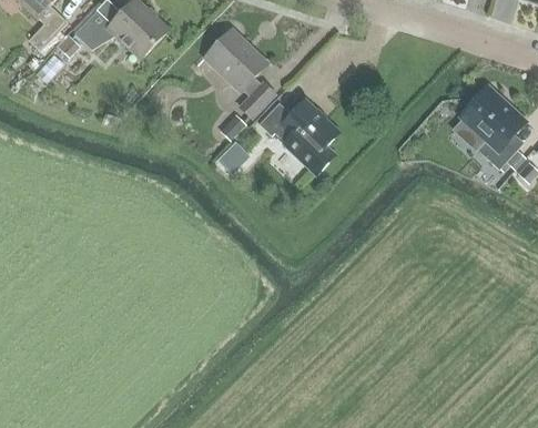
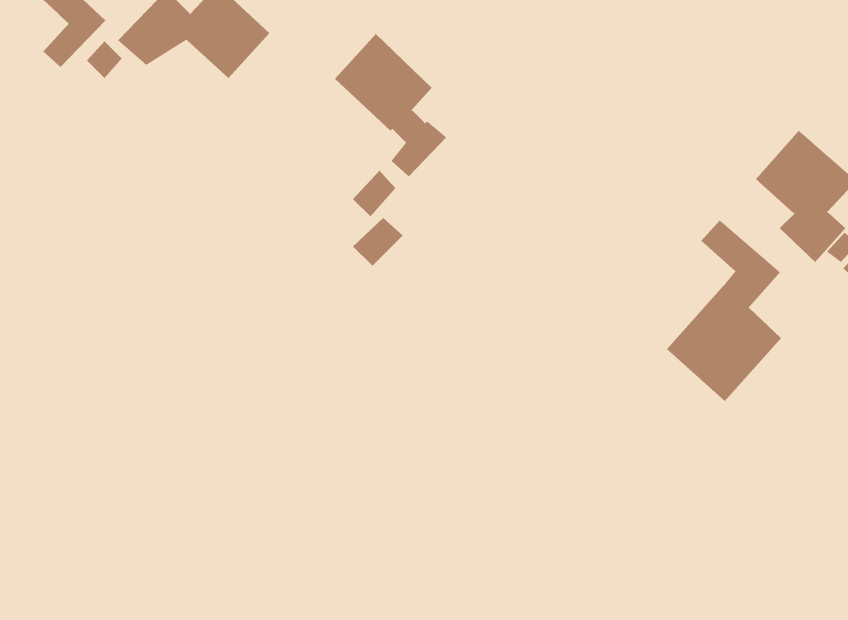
building: [260,99,339,175] -> none
building: none -> [666,220,782,402]

